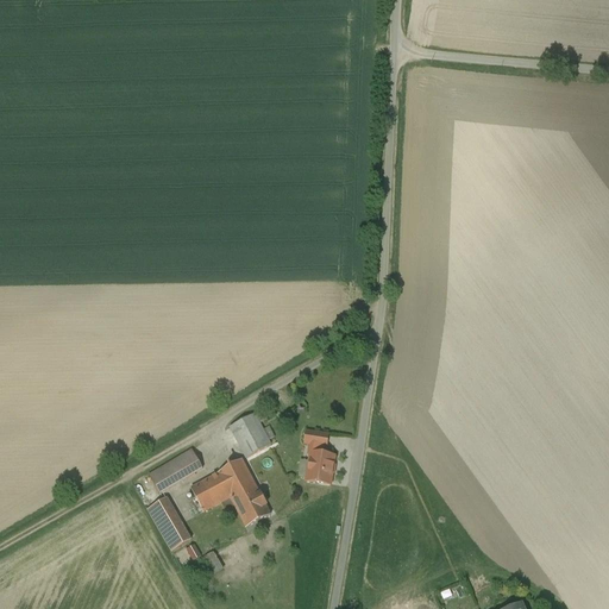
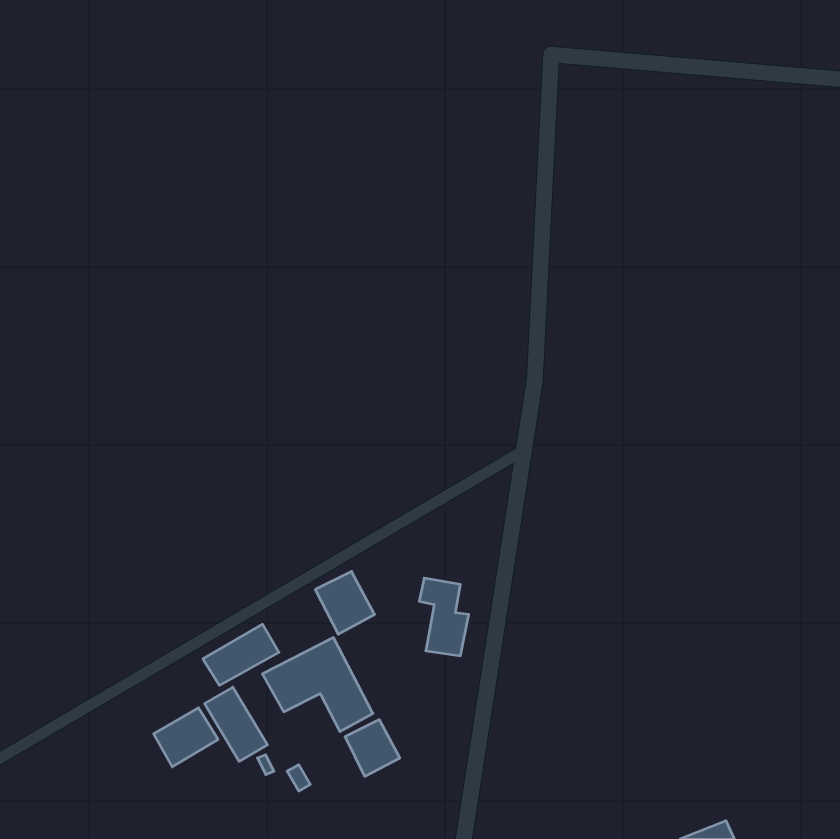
building: none -> [154,708,218,767]
building: none -> [345,720,400,776]

